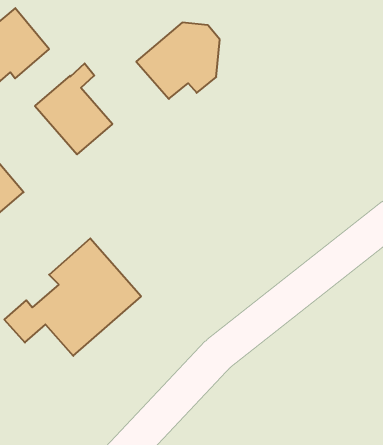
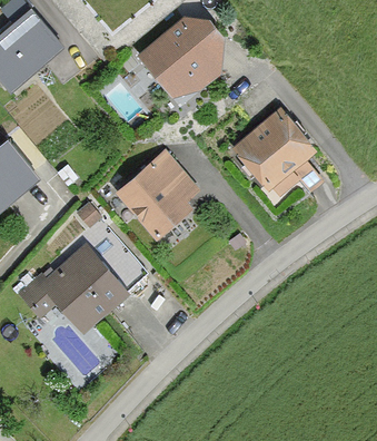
building: [35,63,112,154] -> [119,154,190,237]
building: none -> [238,114,311,186]

